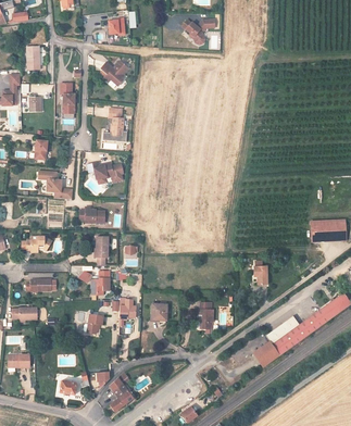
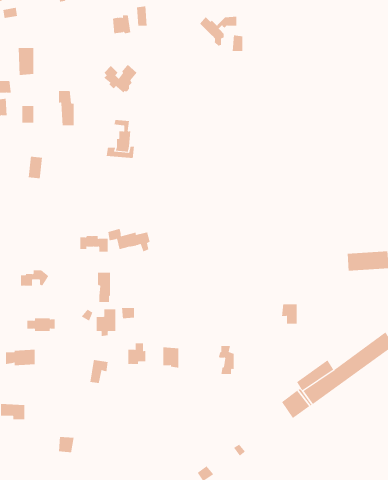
building: [86,160,123,180] -> [108,228,150,252]
building: [40,171,72,198] -> none
building: [109,373,133,411] -> none

